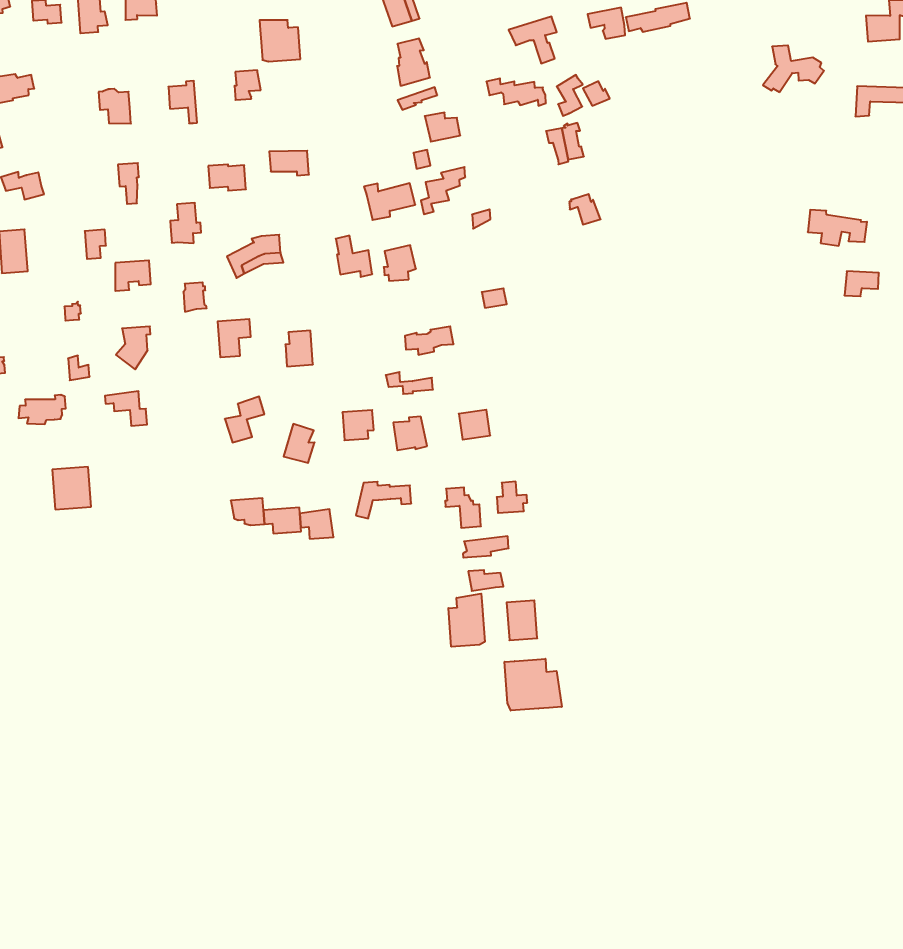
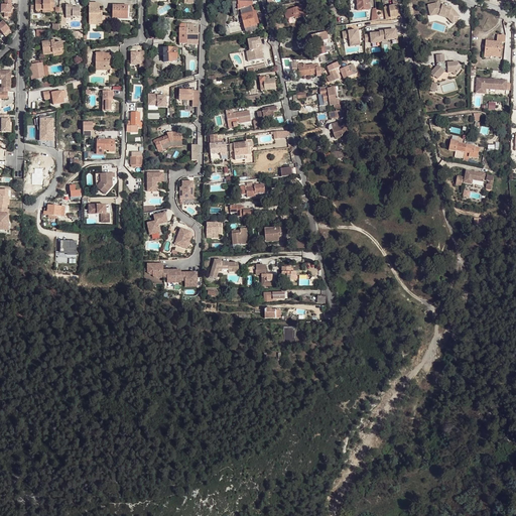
building: [448,594,485,647] -> none
building: [505,659,562,711] -> none

